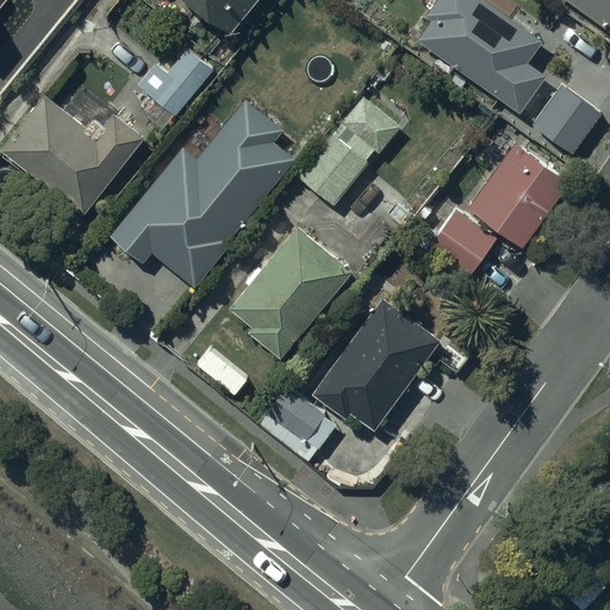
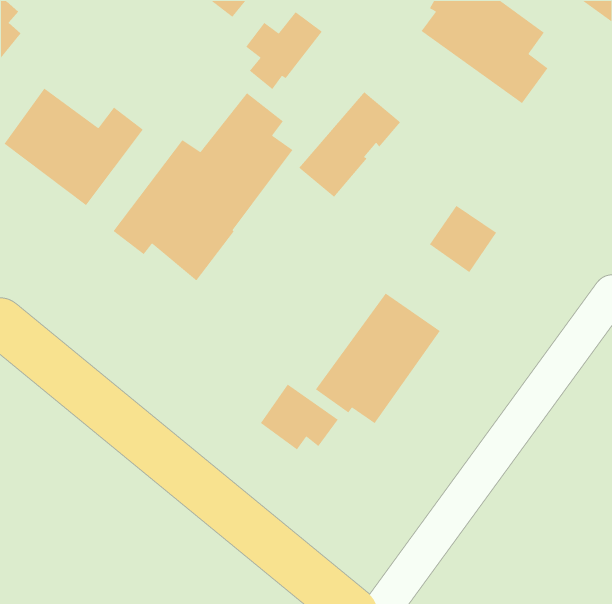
building: [136,51,213,130] -> [245,11,323,90]
building: [531,86,602,155] -> none
building: [467,143,571,248] -> none
building: [231,228,350,357] -> none

